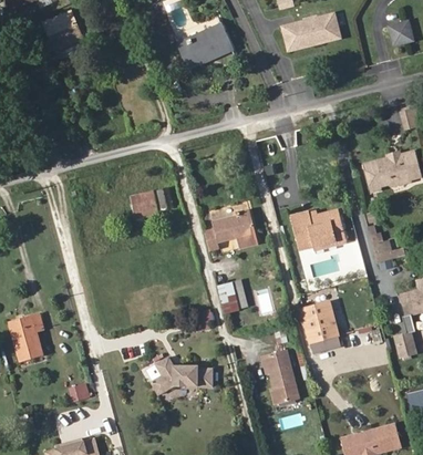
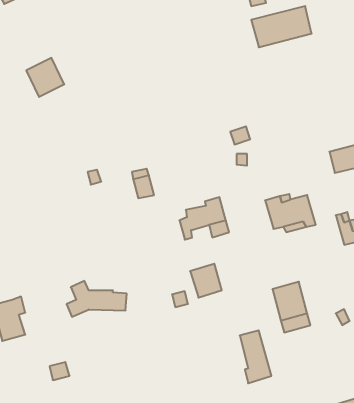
building: [41,11,81,52] -> [26,58,64,97]
building: [177,25,230,70] -> none
building: [130,194,156,219] -> none
building: [152,360,215,397] -> [67,281,127,317]

